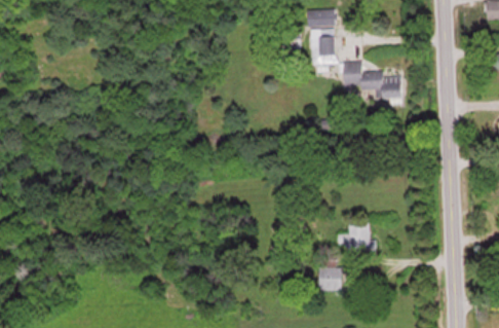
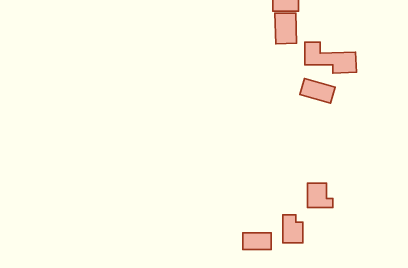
building: none -> [300,78,335,103]
building: none -> [243,233,271,250]

